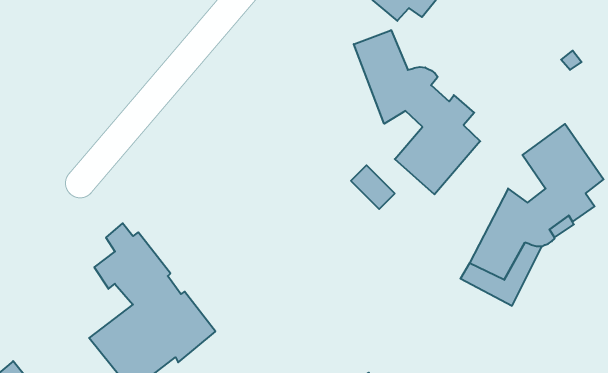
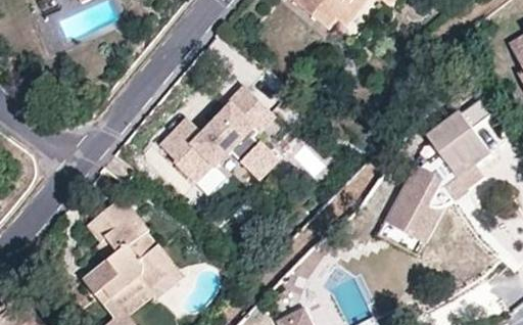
building: [354,30,480,194] -> none
building: none -> [159,84,284,198]

